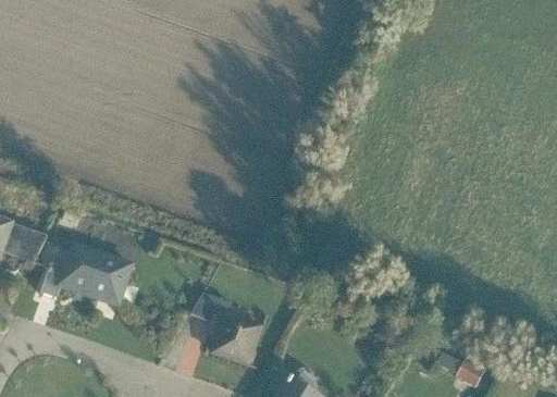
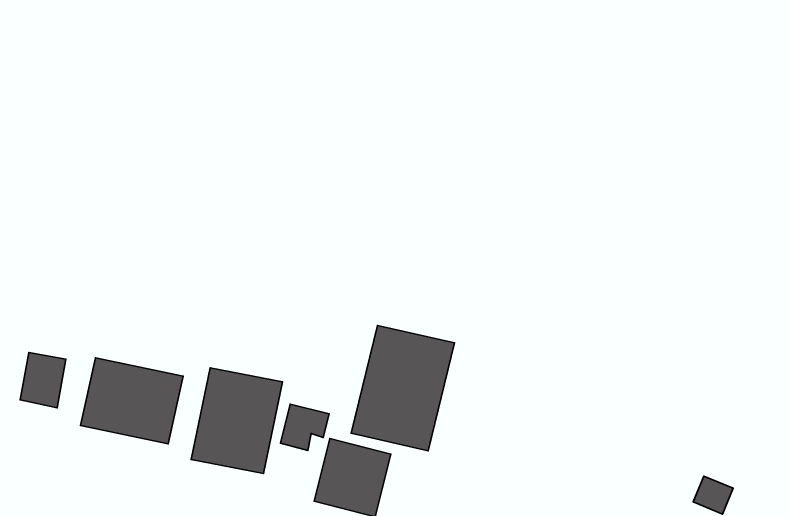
building: none -> [351,325,455,451]
building: none -> [191,368,282,474]

